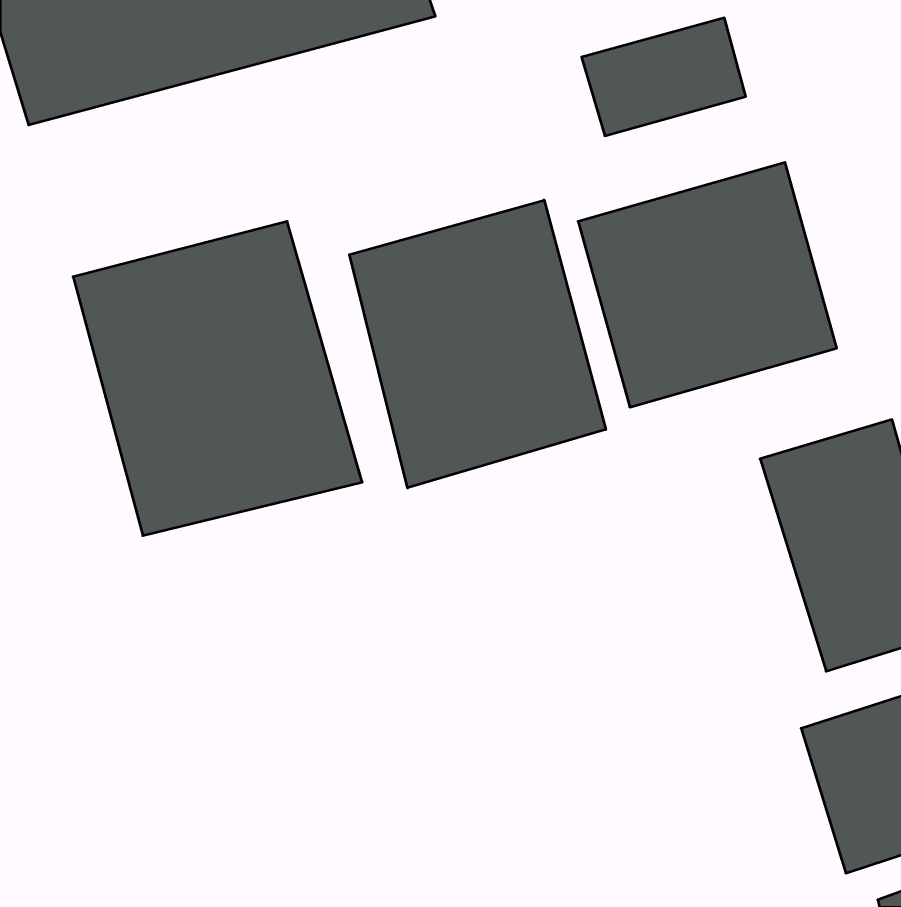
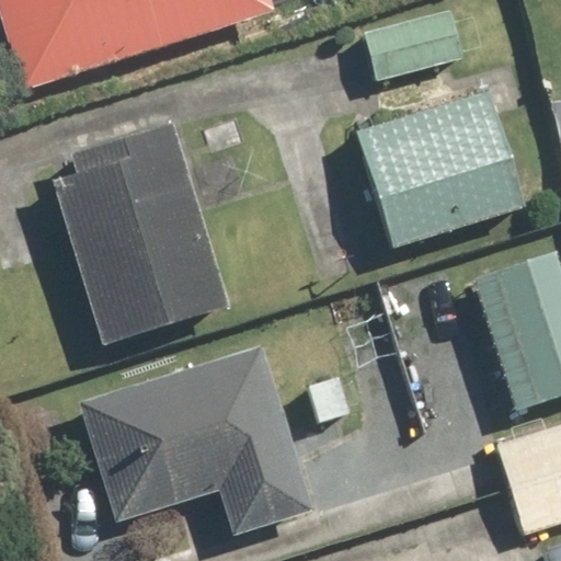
building: [349,200,606,488] -> none
building: none -> [87,345,298,515]

